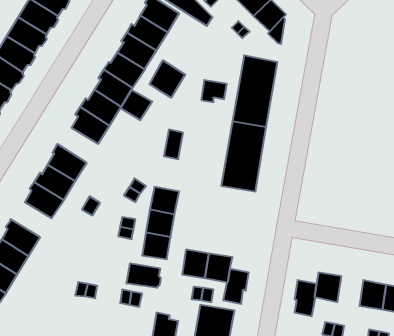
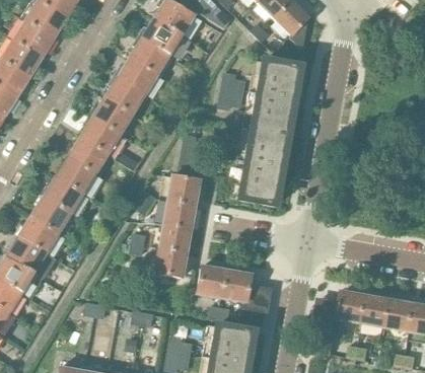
building: [149,60,185,98] -> none
building: [120,90,152,120] -> none
building: none -> [66,137,110,174]
building: none -> [169,175,200,205]
building: none -> [16,216,60,253]
building: [127,263,161,288] -> none
building: none -> [364,295,392,326]

